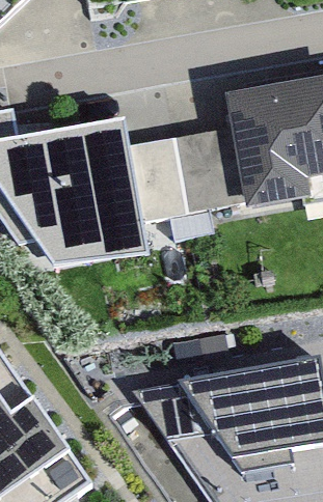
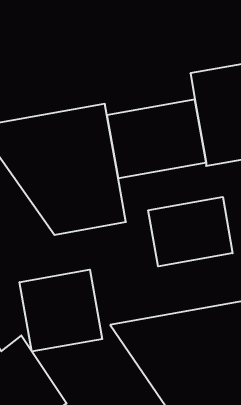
building: none -> [148,197,233,266]
building: none -> [20,270,102,352]

